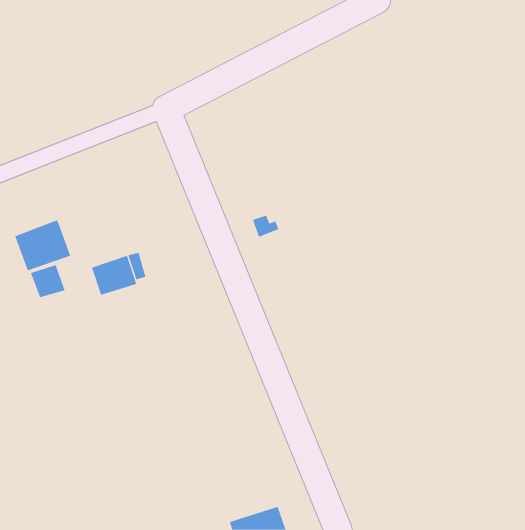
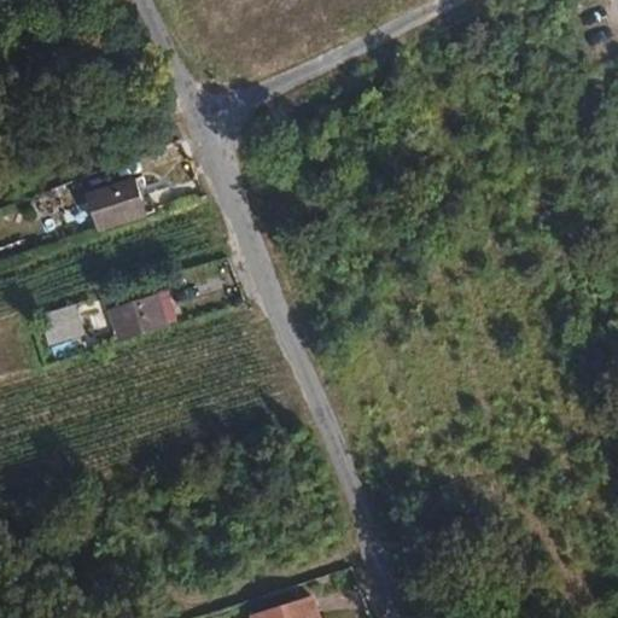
building: none -> [89,183,144,229]
building: [15,220,71,271] -> none

